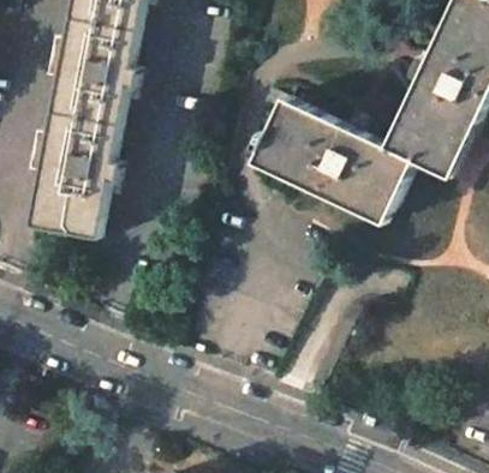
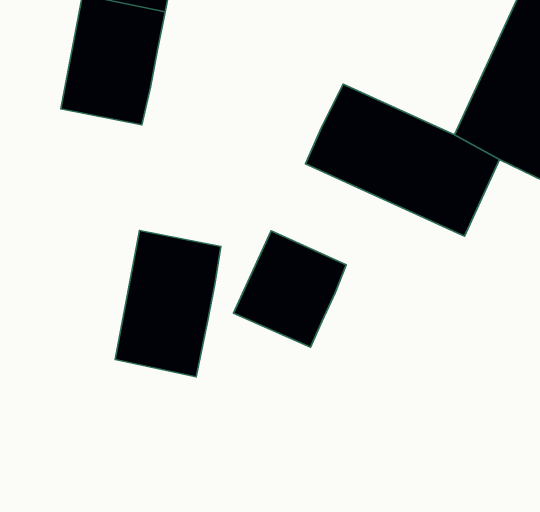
building: [31,119,119,240] -> [115,231,221,377]
building: none -> [233,231,346,347]

